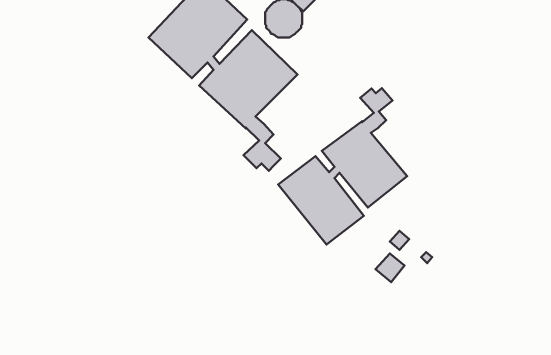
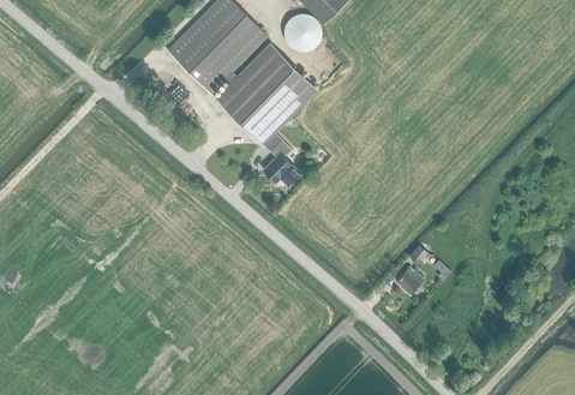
building: [278,88,407,244] -> none

